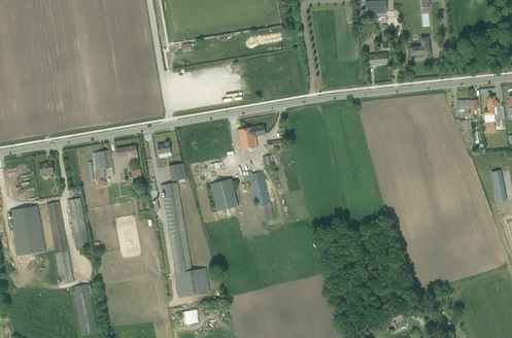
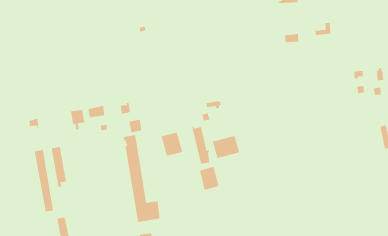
building: [237,125,265,150] -> none
building: none -> [212,135,240,159]
building: [10,206,46,256] -> none
building: none -> [199,166,219,191]

